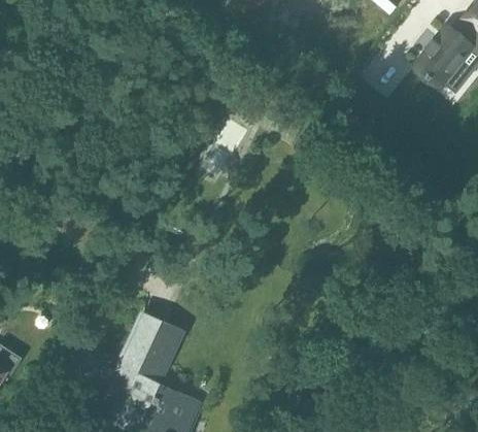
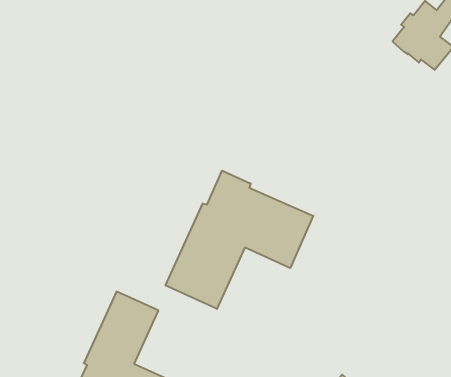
building: none -> [166,171,313,309]

